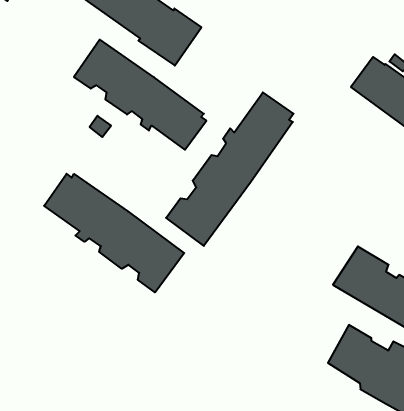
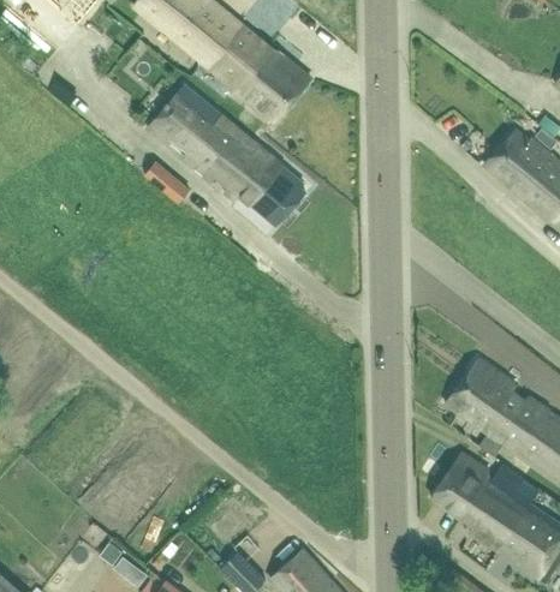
building: [166,92,294,246] -> none
building: [44,174,184,292] -> none

